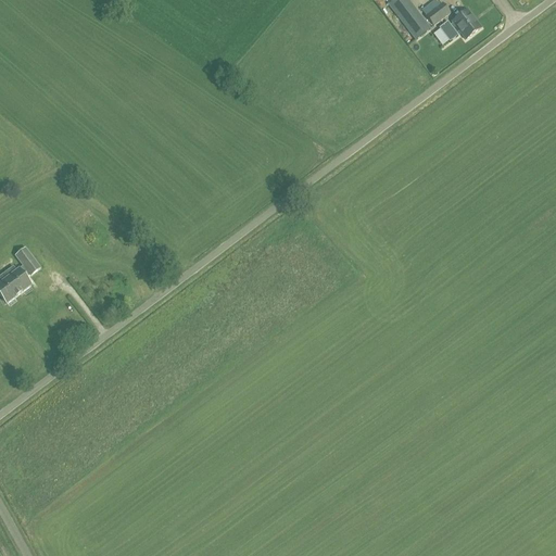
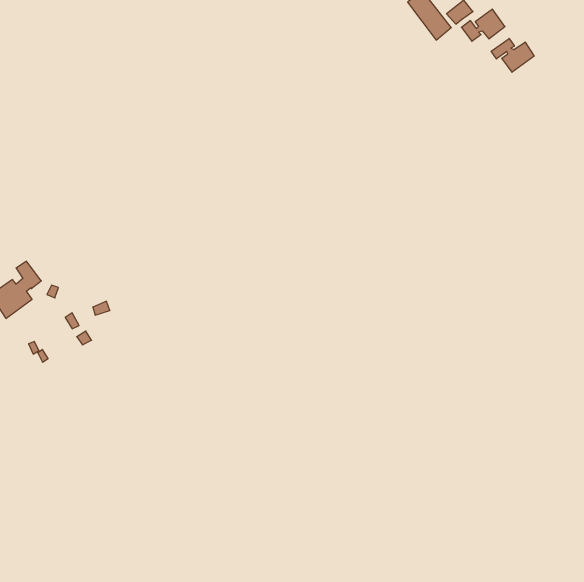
building: none -> [491,38,534,72]

